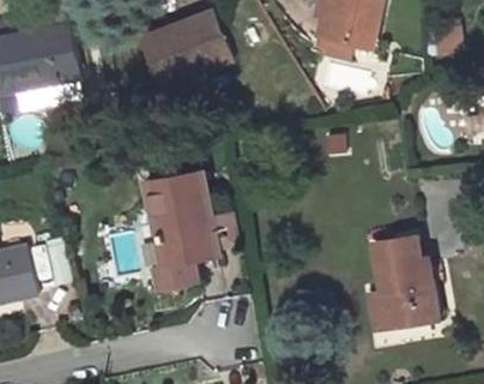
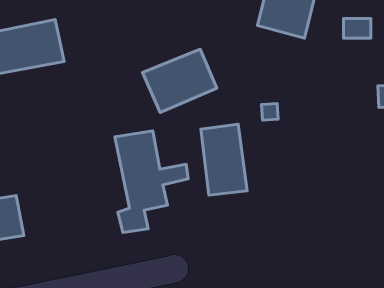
building: [144,12,235,90] -> [142,49,217,113]
building: none -> [201,124,247,195]
building: [367,236,434,331] -> none

